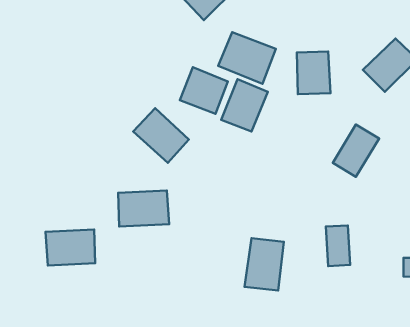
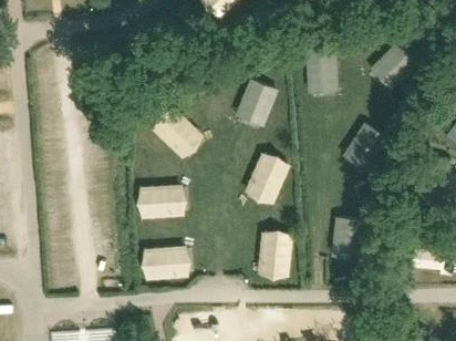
building: [218,32,276,84] -> none
building: [180,67,228,114] -> none
building: none -> [246,152,289,206]
building: [45,230,95,266] -> [141,246,188,280]

